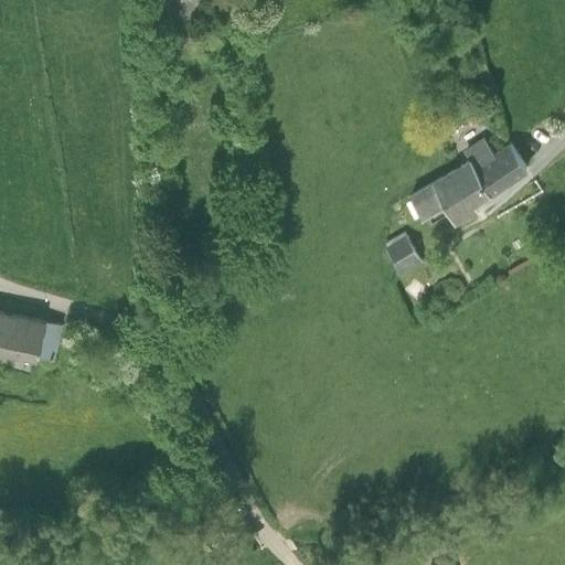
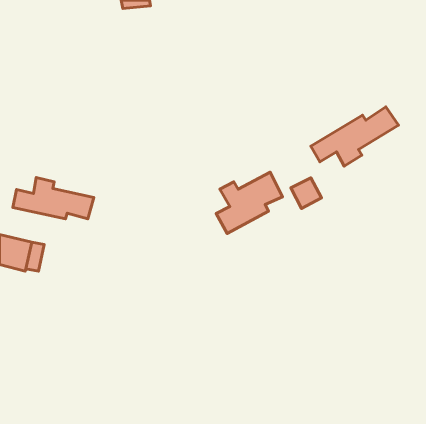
building: none -> [216,172,282,233]
building: none -> [13,178,94,219]

